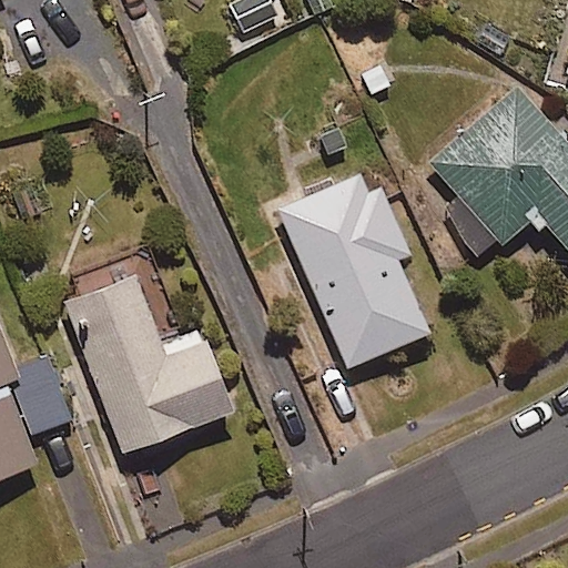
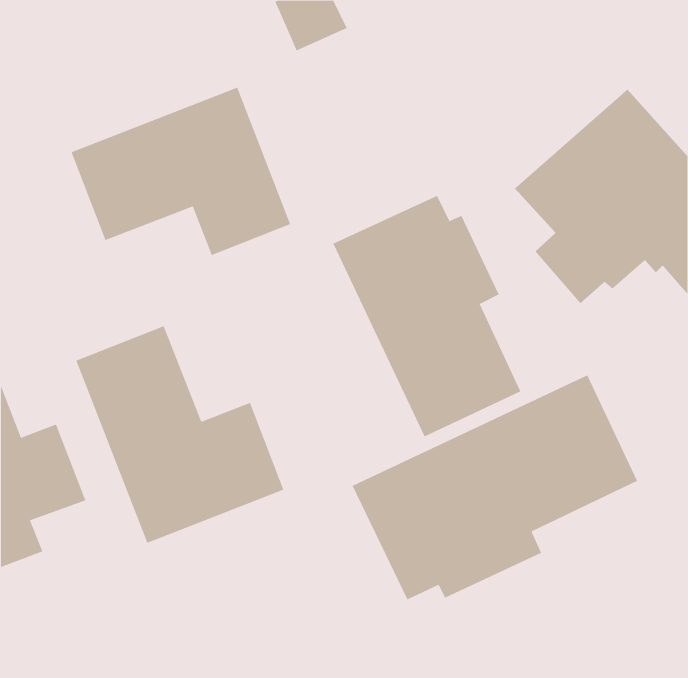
building: none -> [71,87,291,256]
building: none -> [352,374,638,600]

